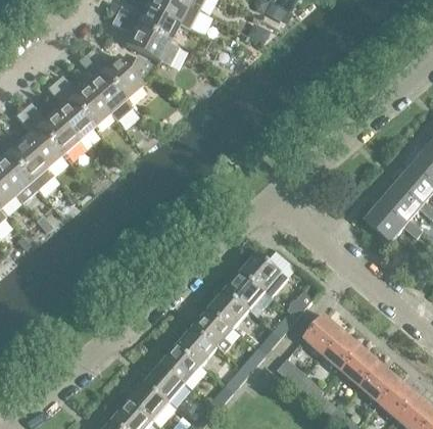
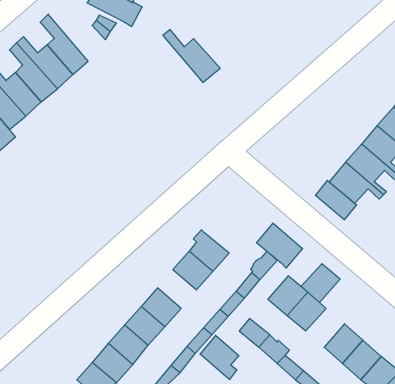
building: [85,47,142,100] -> [163,29,220,82]
building: none -> [315,180,357,220]
building: [241,252,287,297] -> [257,223,303,268]
building: [194,308,233,352] -> [200,335,239,379]
building: [342,347,381,386] -> [301,264,340,303]

